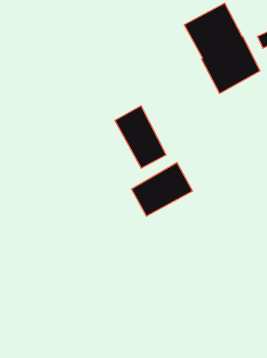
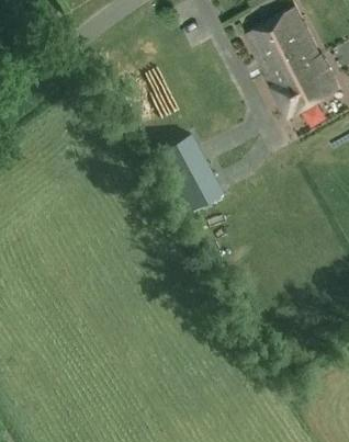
building: [131,162,193,216] -> none

